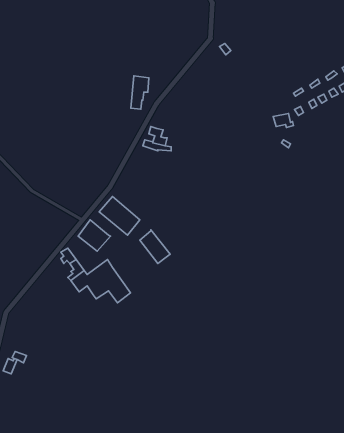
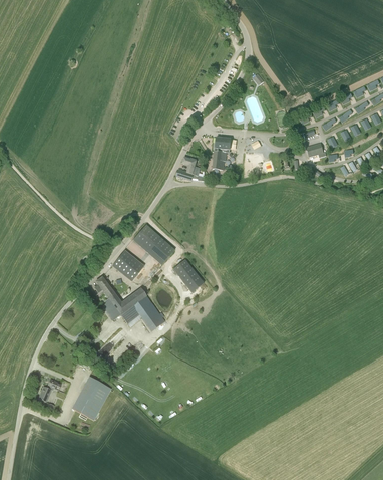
building: [131,76,149,109] -> [213,137,231,170]
building: none -> [72,377,111,420]

